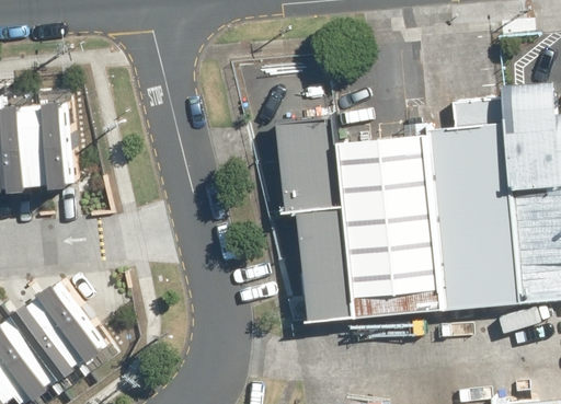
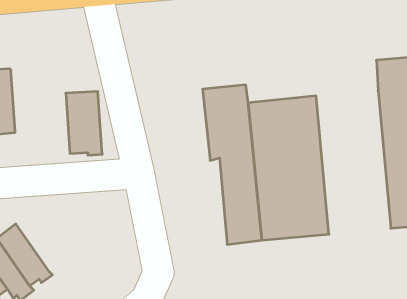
building: [27,97,75,180] -> [66,92,102,155]
building: [422,126,518,311] -> none
building: [34,279,108,360] -> none

